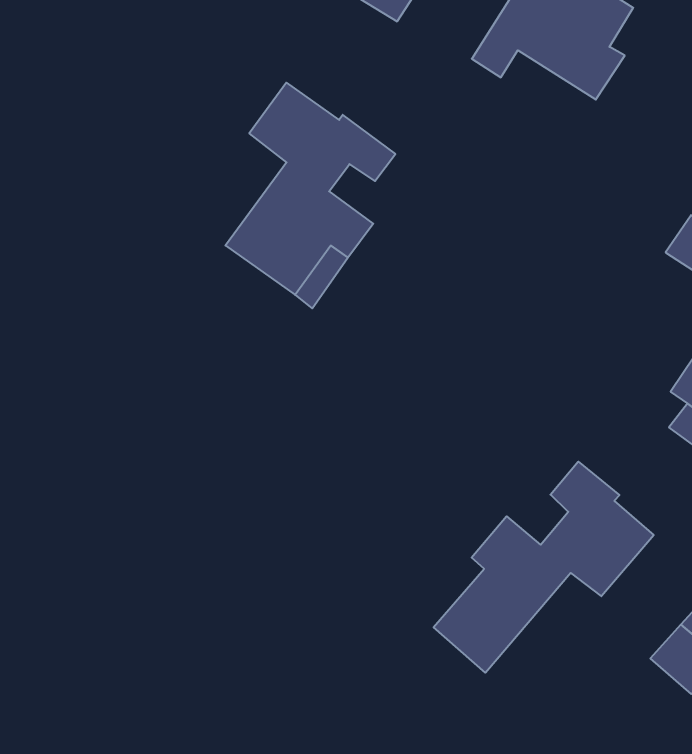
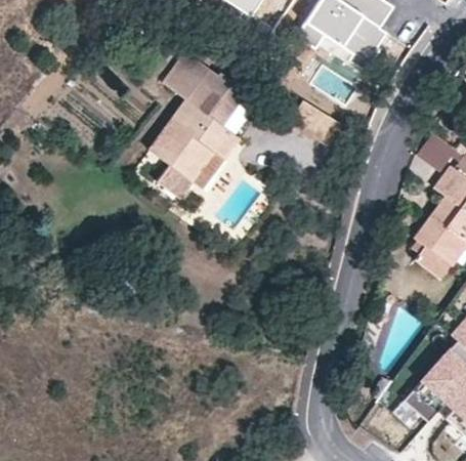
building: [434,462,654,673] -> none

